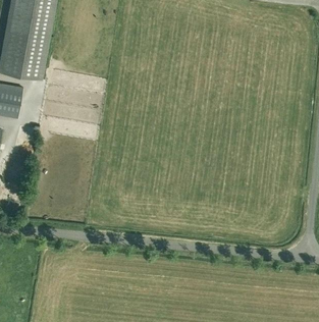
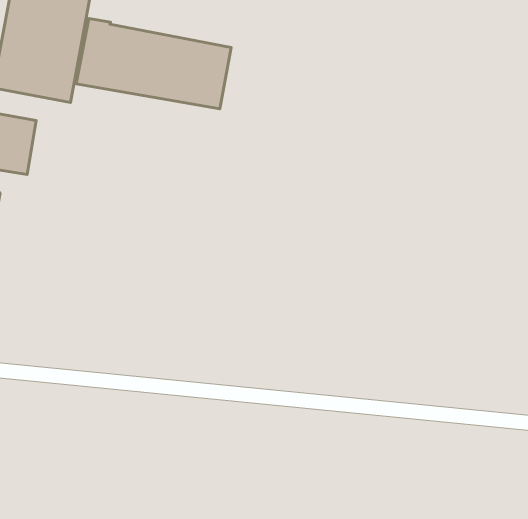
building: none -> [76,19,231,109]

